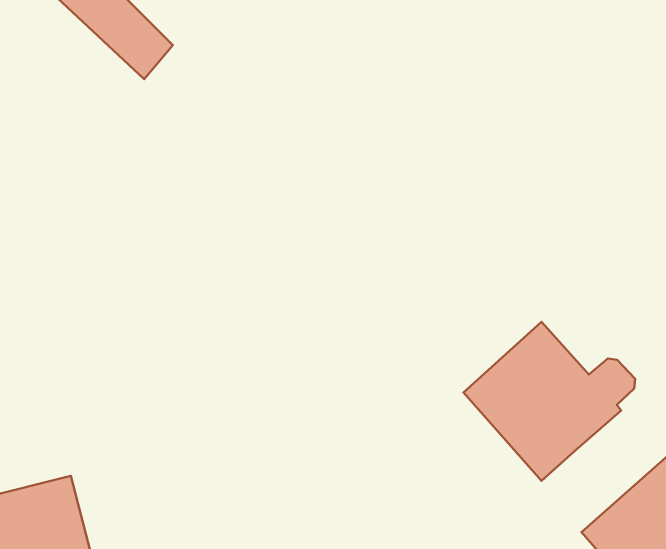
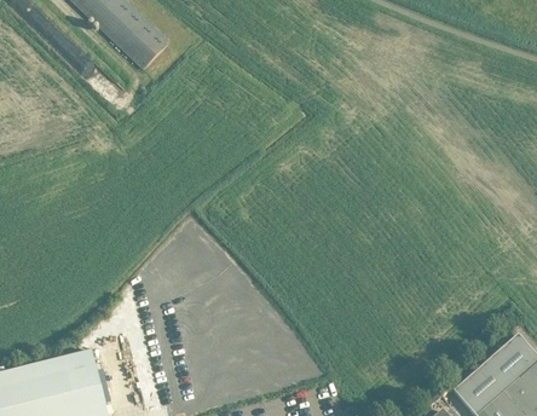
building: [463,322,635,481] -> none

